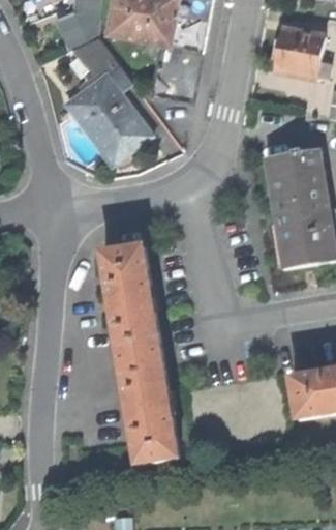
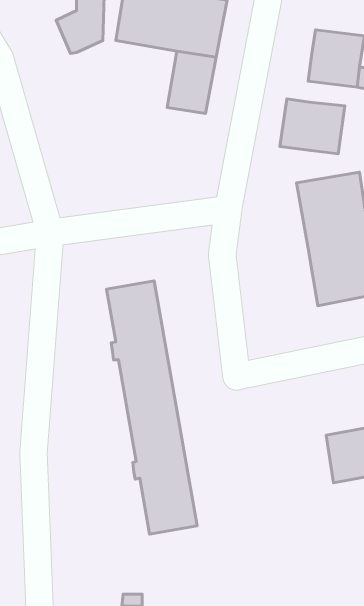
building: [74,35,115,75] -> none
building: [69,76,147,166] -> none
building: none -> [280,99,345,154]

